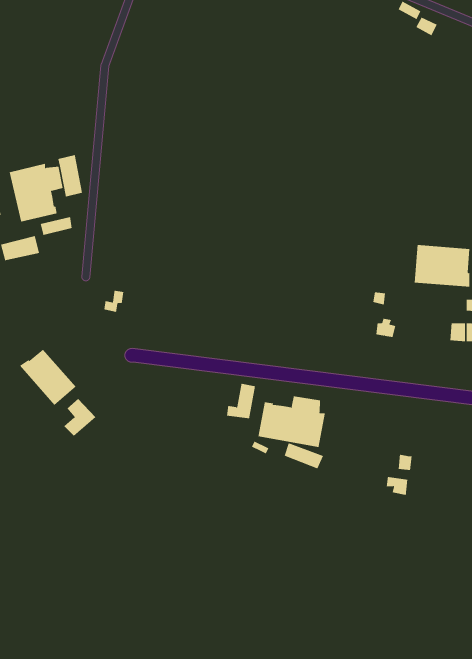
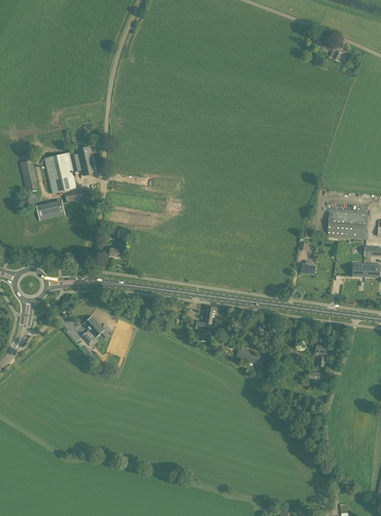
building: [19,349,76,406] -> none
building: [258,396,325,448] -> none

